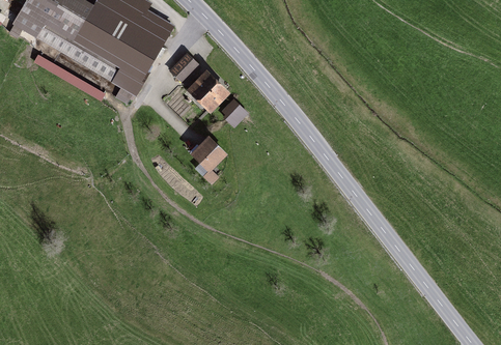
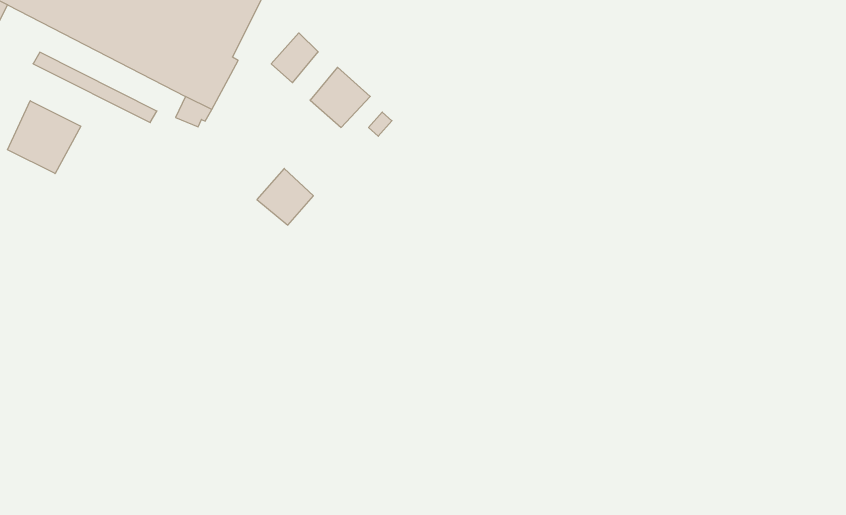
building: none -> [8,101,81,174]
building: [193,136,225,168] -> [257,168,313,225]

